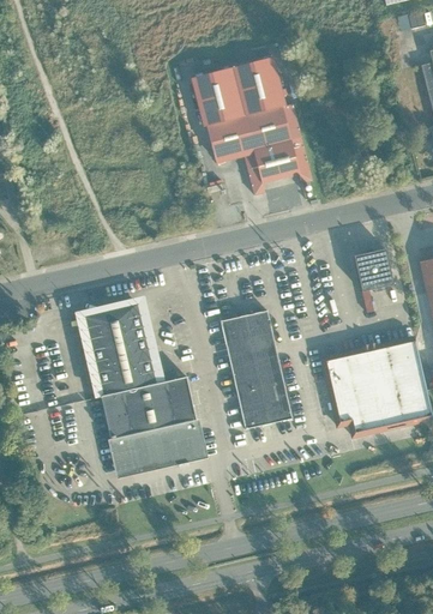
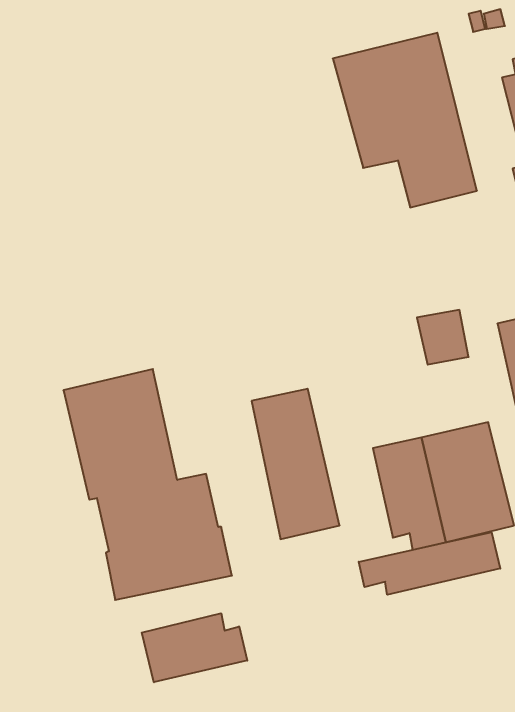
building: [194,55,308,193] -> [333,33,477,207]
building: none -> [359,532,500,595]
building: none -> [142,613,247,682]

